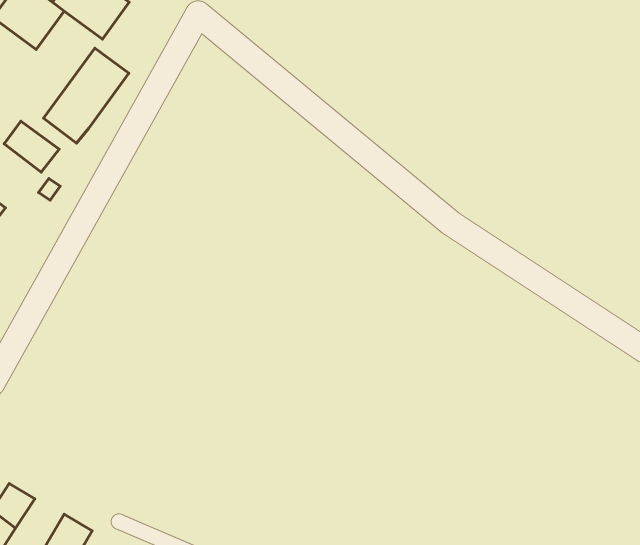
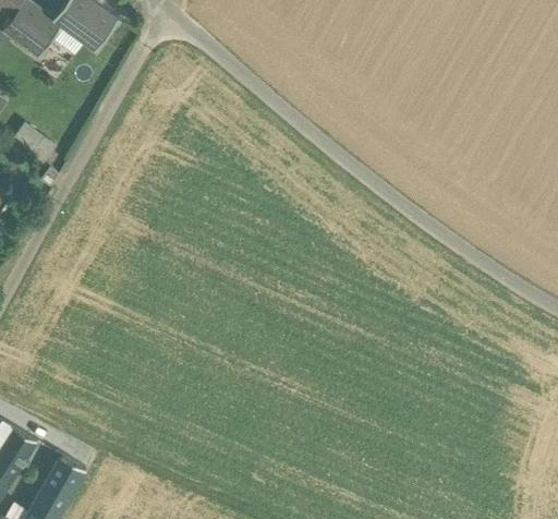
building: [44,48,129,143] -> none

